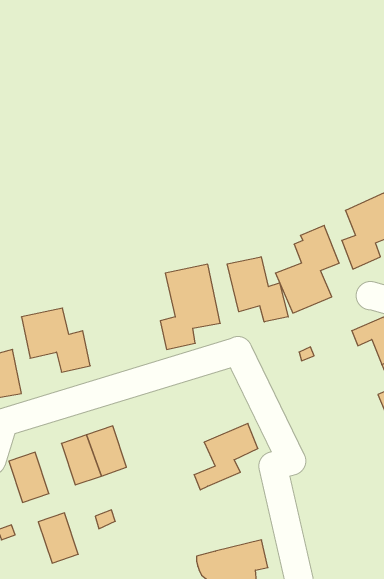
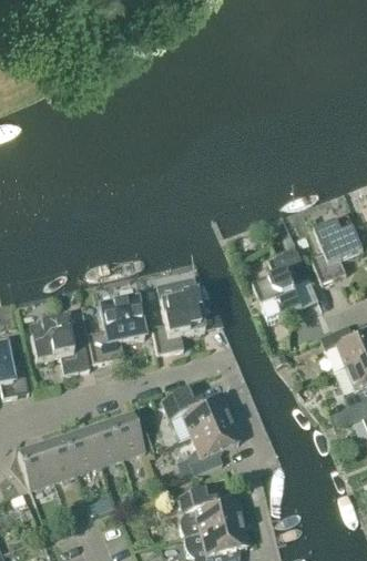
building: [227,257,288,322] -> none
building: none -> [86,298,143,361]
building: none -> [161,385,228,435]
building: none -> [109,412,144,457]
building: none -> [179,490,241,536]
building: [38,513,78,563] -> [40,436,75,480]

